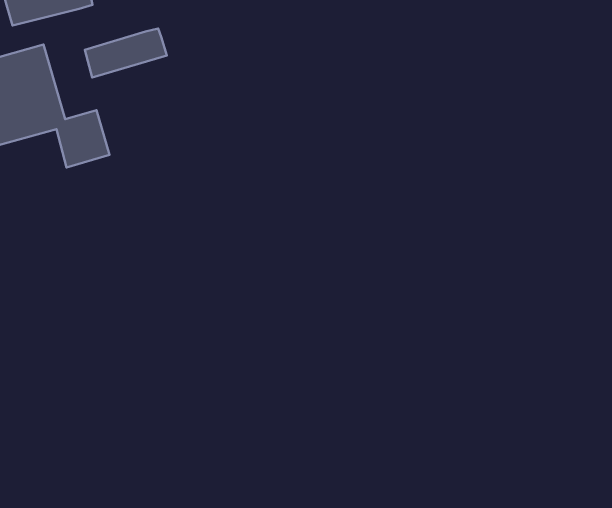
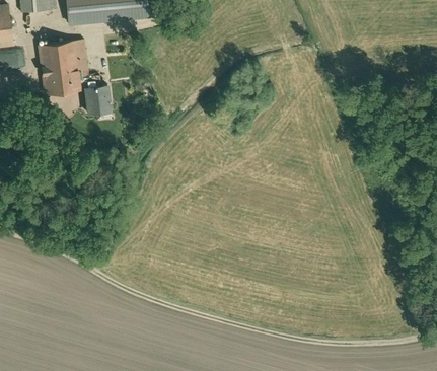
building: [85,28,167,77] -> none

